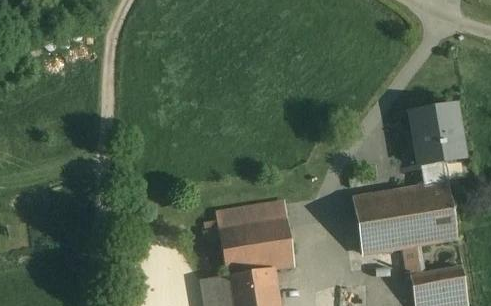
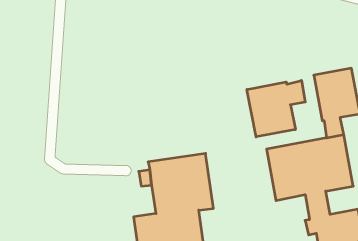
building: none -> [247,80,305,137]

